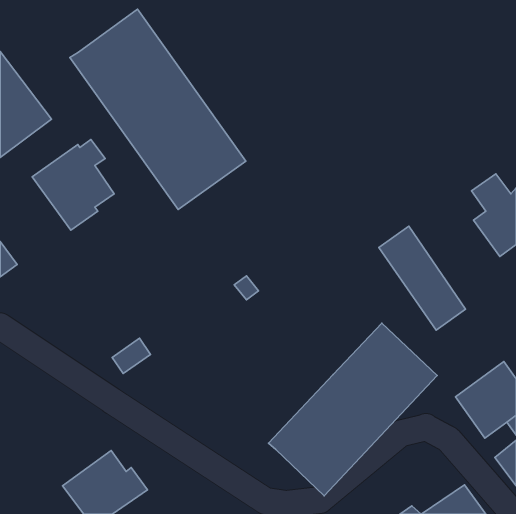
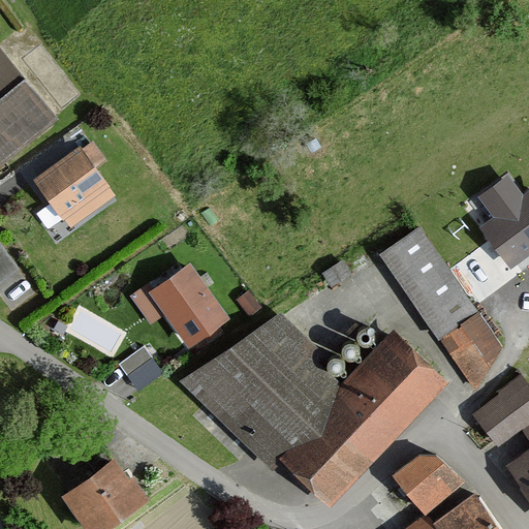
building: [70,9,246,210] -> none
building: none -> [147,263,226,346]
building: none -> [179,314,341,471]
building: none -> [446,316,498,379]
building: none -> [392,456,464,518]

